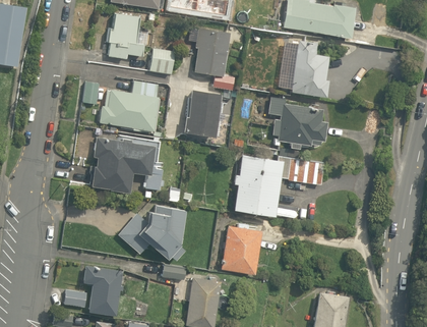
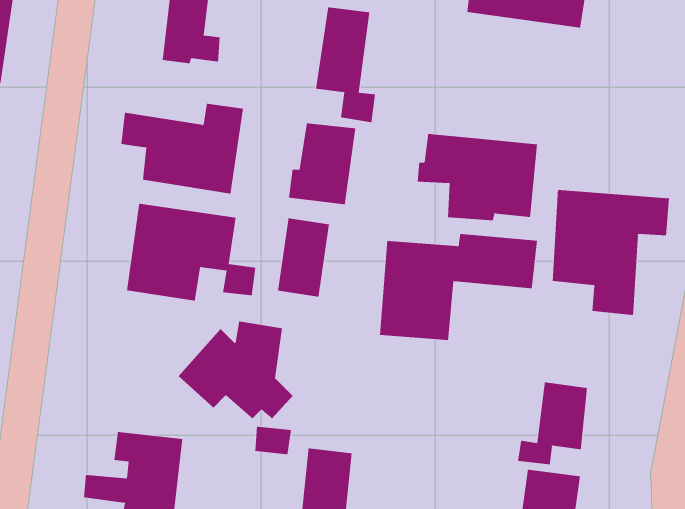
building: [272,40,326,98] -> none
building: [149,47,176,73] -> none
building: none -> [552,189,670,316]
building: none -> [278,218,329,297]
building: [222,224,258,273] -> none
building: none -> [518,381,588,465]

